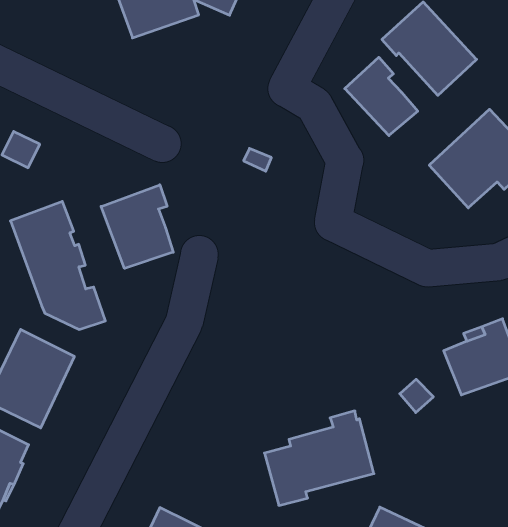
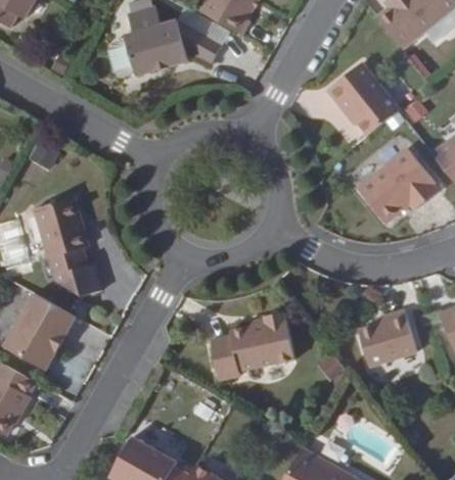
building: [345,57,418,136] -> none
building: [101,185,173,268] -> none
building: [264,411,374,505] -> [211,311,293,380]

